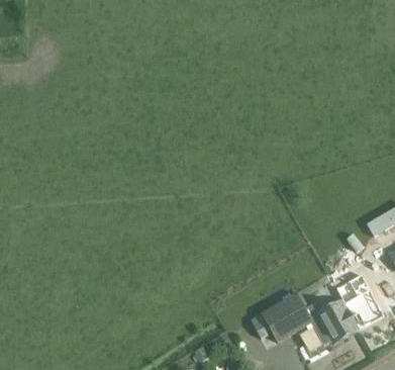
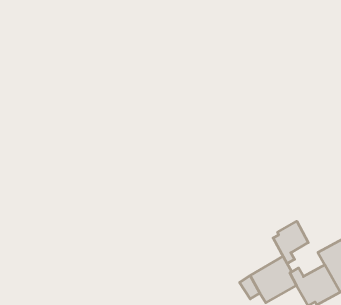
building: none -> [273,221,308,264]

